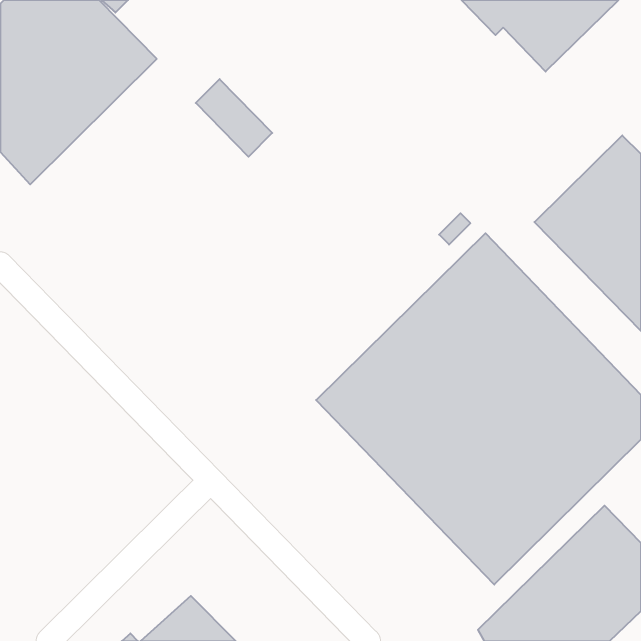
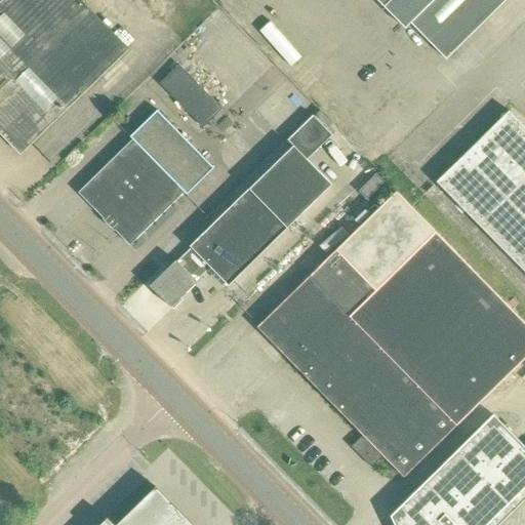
building: none -> [78,111,213,245]
building: none -> [150,116,332,308]

